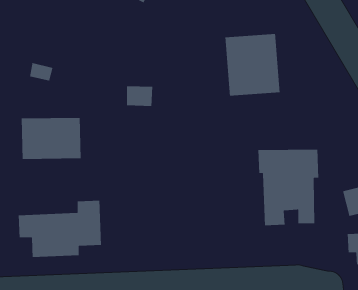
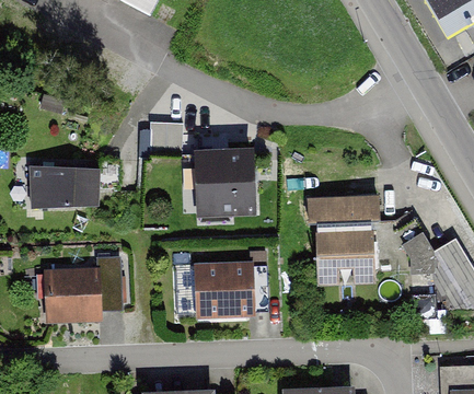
building: [225,33,281,97] -> [192,146,257,220]
building: none -> [177,248,270,320]

